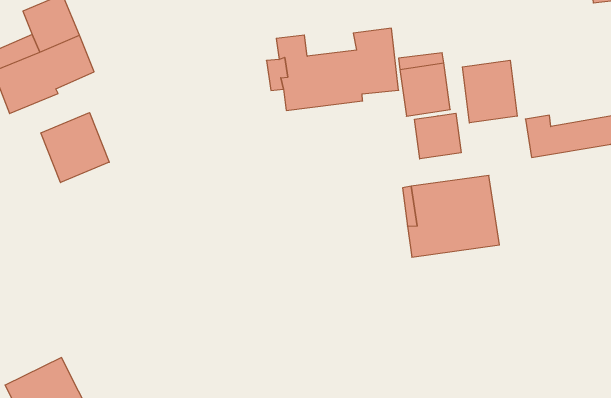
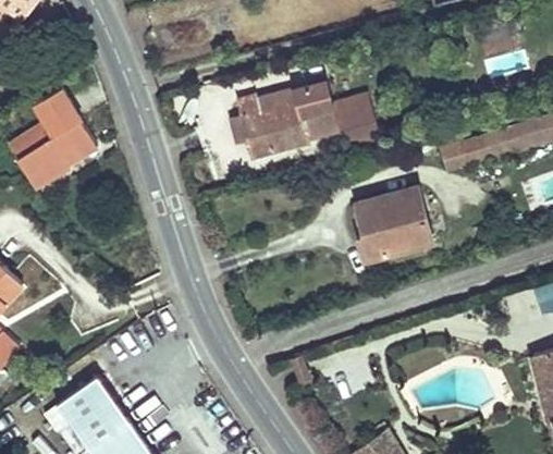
building: [462,60,517,123] -> none
building: [41,113,109,183] -> none
building: [415,113,461,159] -> none

